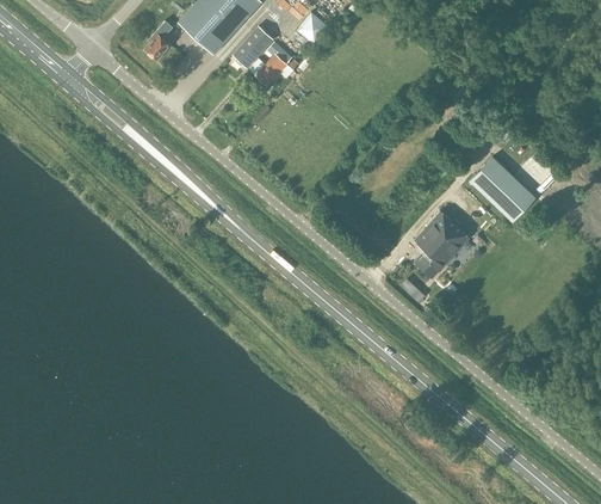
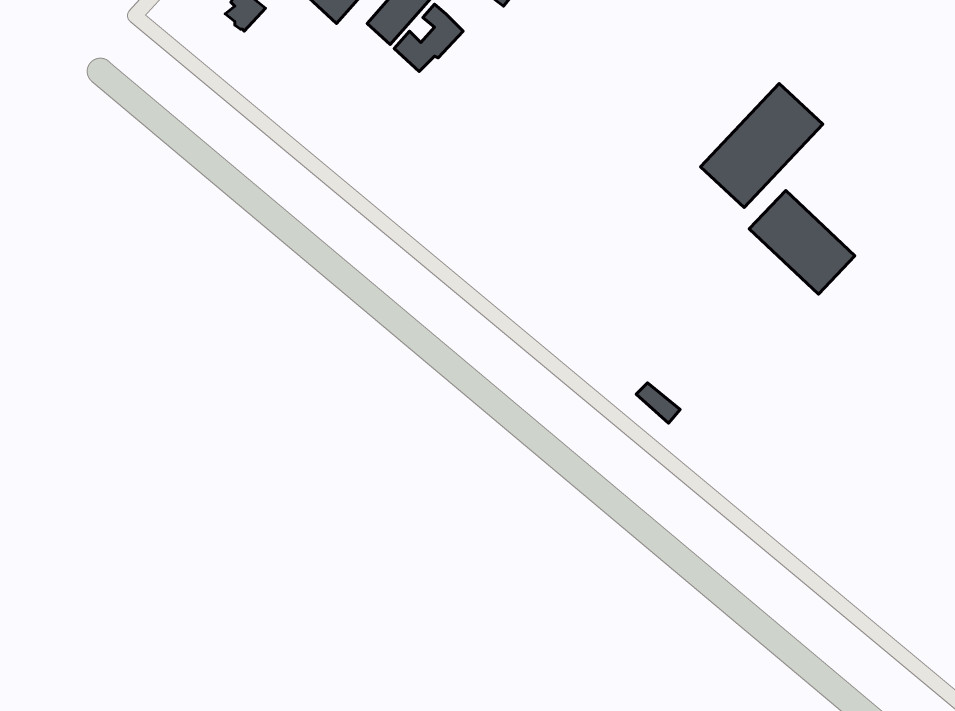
building: none -> [701,83,823,208]
building: [415,213,469,277] -> none

